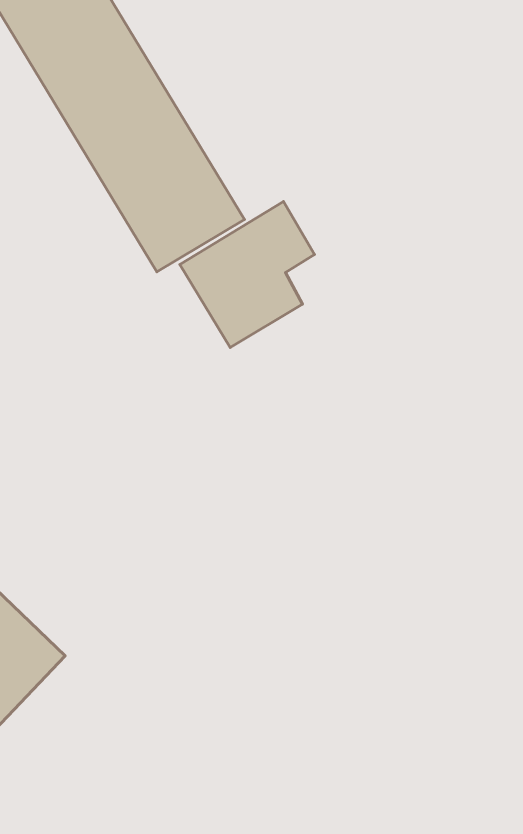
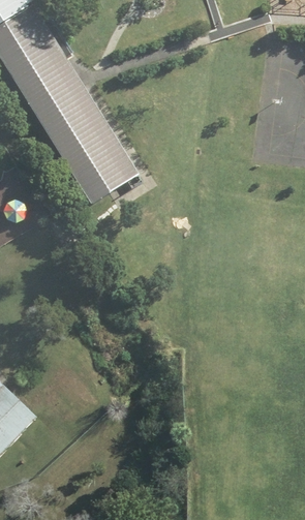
building: [180,202,314,347] -> none

